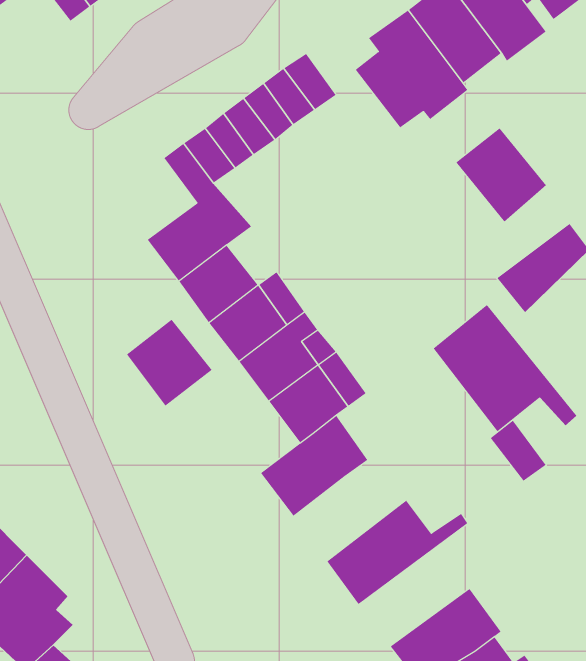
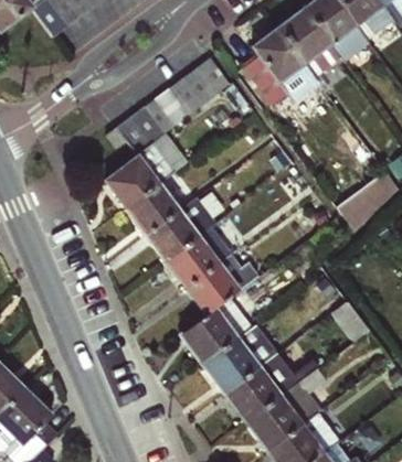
building: [455,128,547,223] -> none
building: [433,304,577,432] -> none
building: [126,319,213,406] -> none
building: none -> [201,323,276,393]
building: none -> [244,367,326,449]

